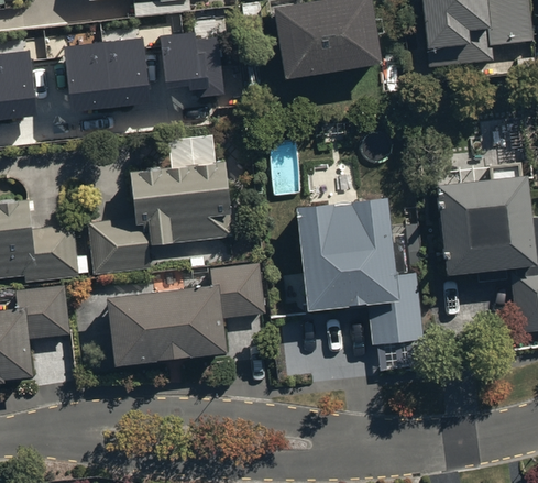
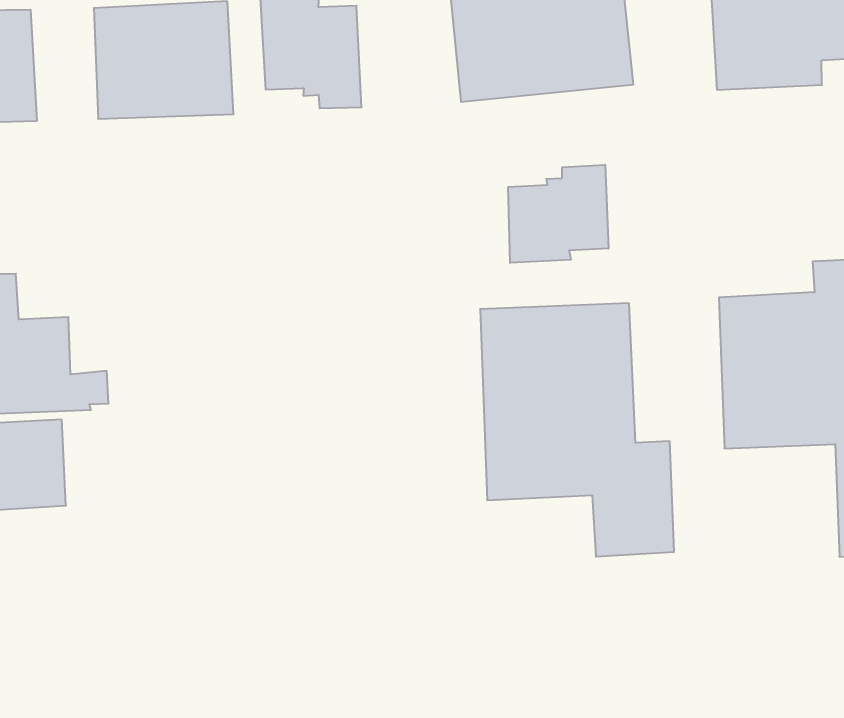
building: none -> [508,165,608,263]
building: [89,160,233,274] -> none
building: [109,261,265,366] -> none

